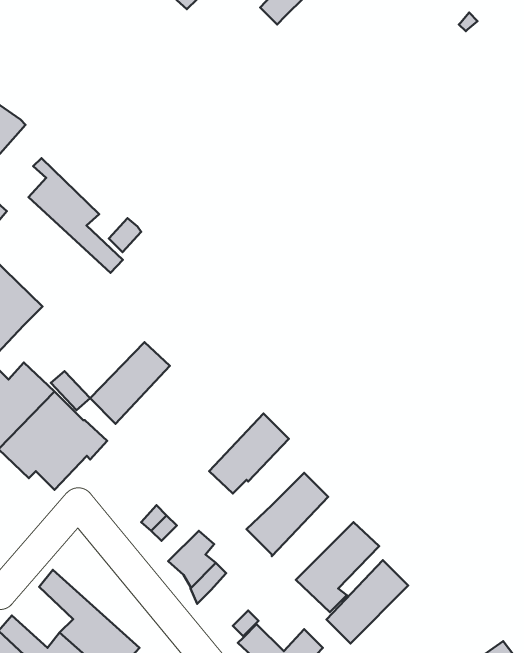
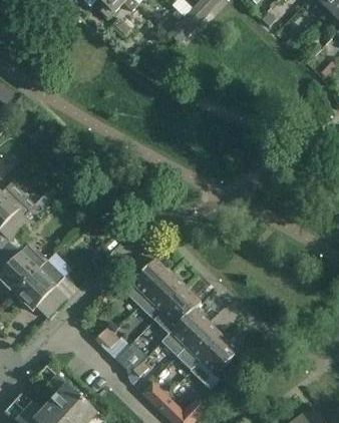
building: [29,158,123,273] -> none
building: [90,342,170,424] -> [123,259,171,307]
building: none -> [161,288,201,327]
building: [327,560,408,643] -> [176,322,224,371]

